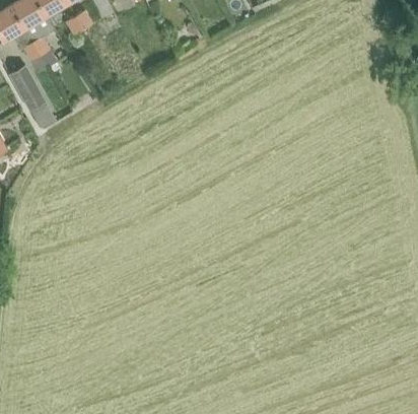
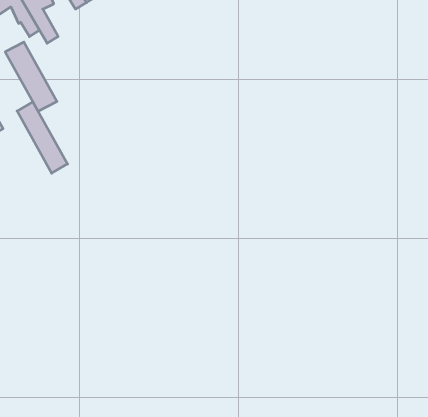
building: none -> [17,102,68,173]

